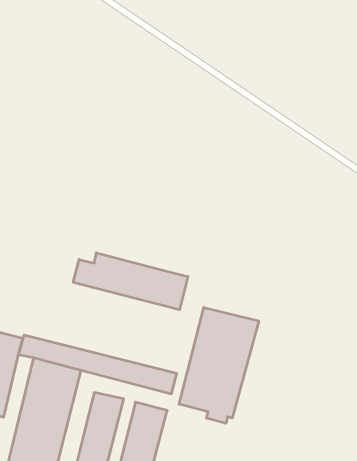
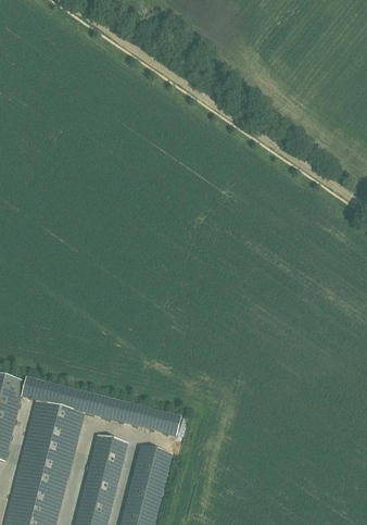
building: [73,253,188,310] -> none
building: [179,307,259,423] -> none

